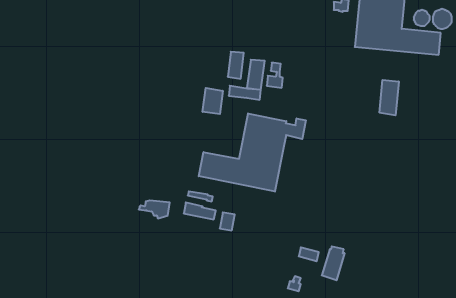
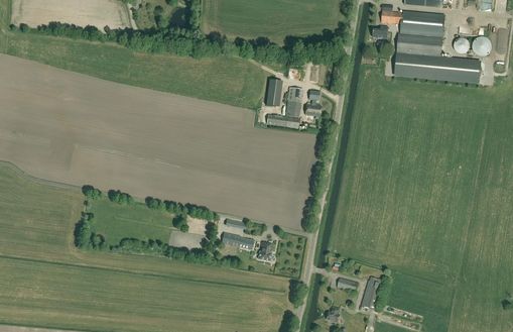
building: [380,80,399,115] -> none
building: [203,88,223,114] -> none
building: [199,113,306,192] -> none

